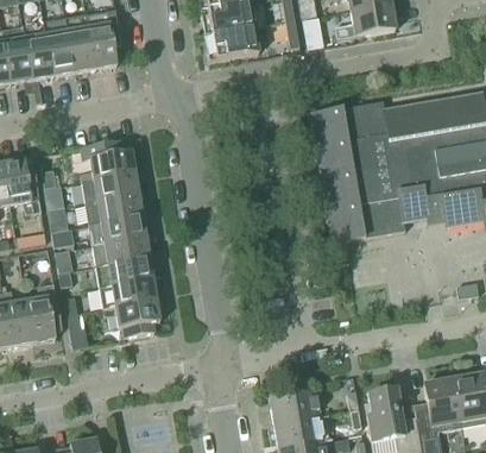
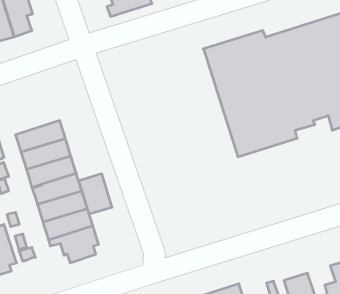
building: [80,139,134,181] -> none
building: none -> [79,174,112,214]

